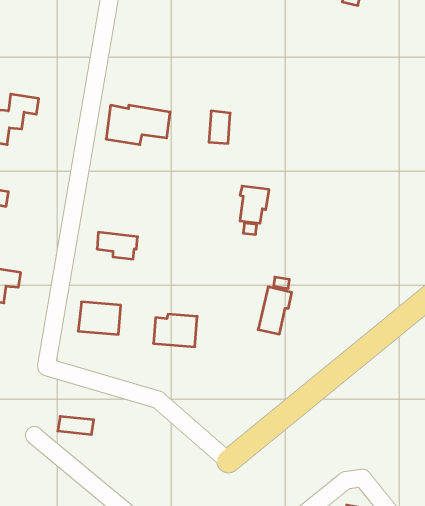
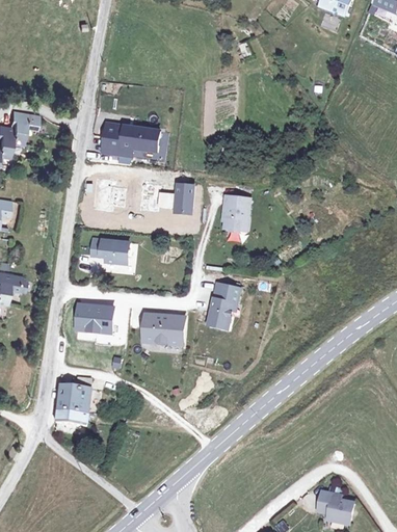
building: [209,111,230,143] -> [174,184,193,214]
building: [258,287,292,334] -> [208,284,239,327]
building: none -> [57,377,90,413]

